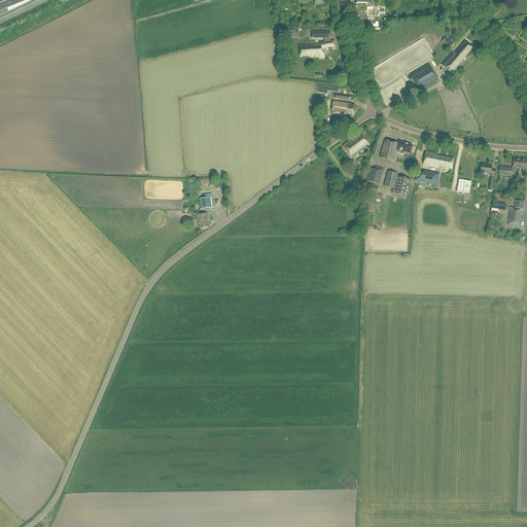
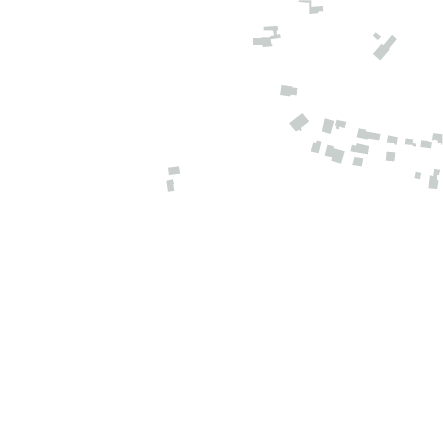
building: [410,64,438,91] -> none

